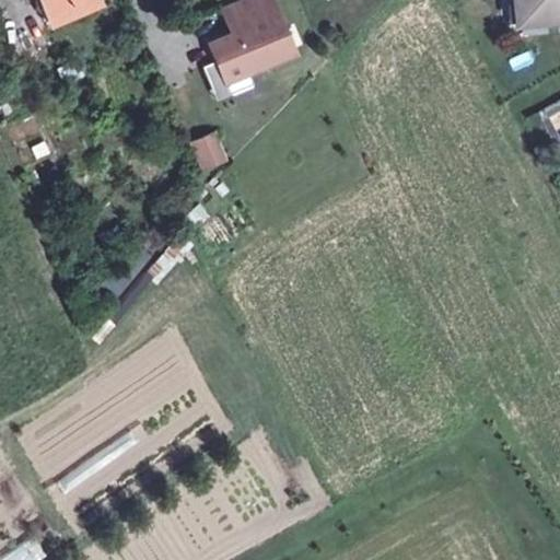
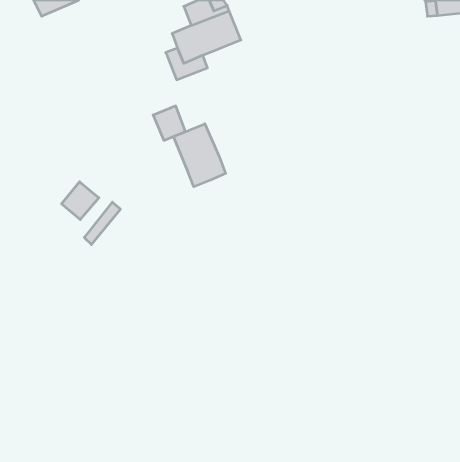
building: none -> [174,124,226,187]
building: none -> [62,182,99,220]

